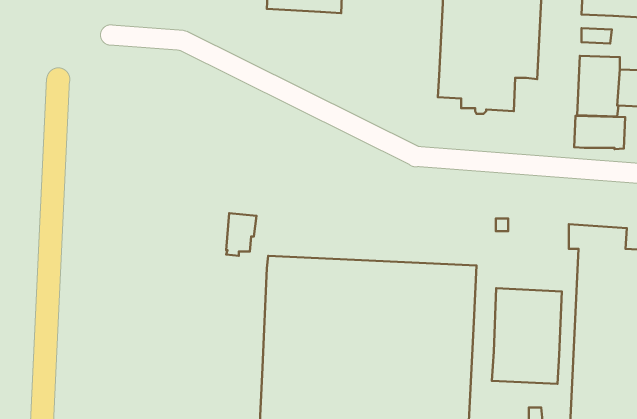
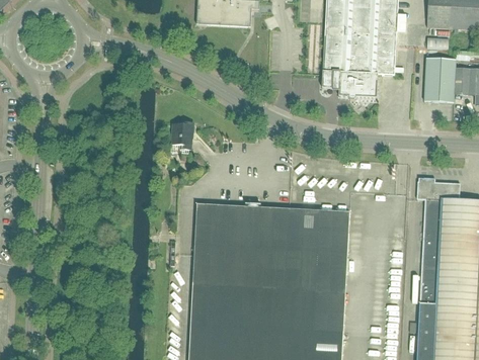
building: [574,116,625,149] -> none
building: [226,213,257,256] -> [172,120,194,152]
building: [492,288,562,384] -> none

